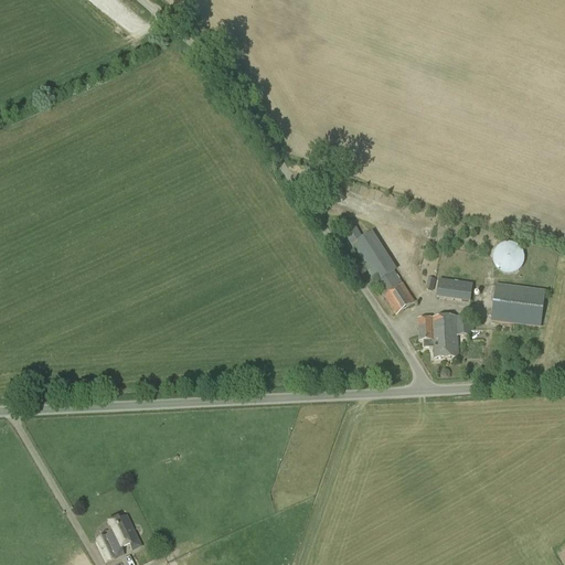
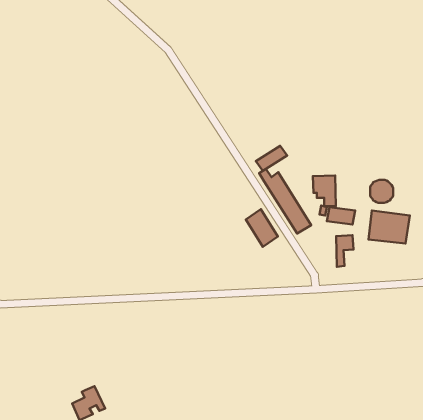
building: none -> [256,146,287,171]
building: none -> [246,209,278,247]
building: [418,315,449,355] -> [313,175,336,206]

